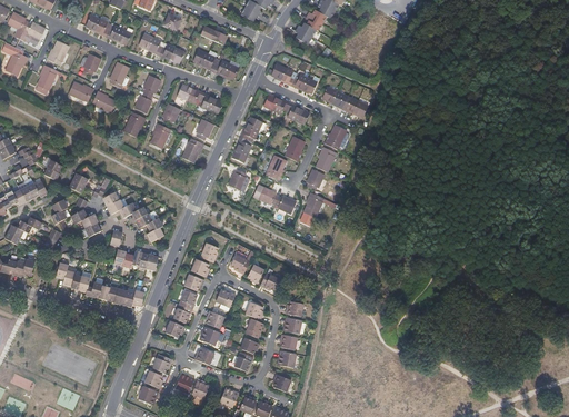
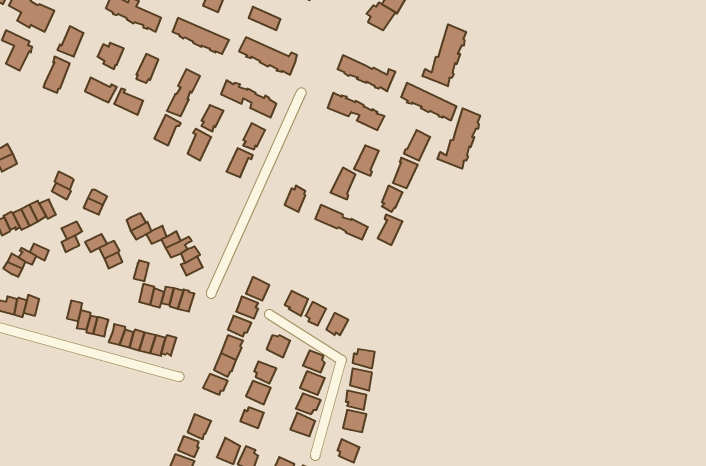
building: none -> [422,24,466,86]
building: none -> [437,108,480,169]
building: [232,117,266,162] -> none

